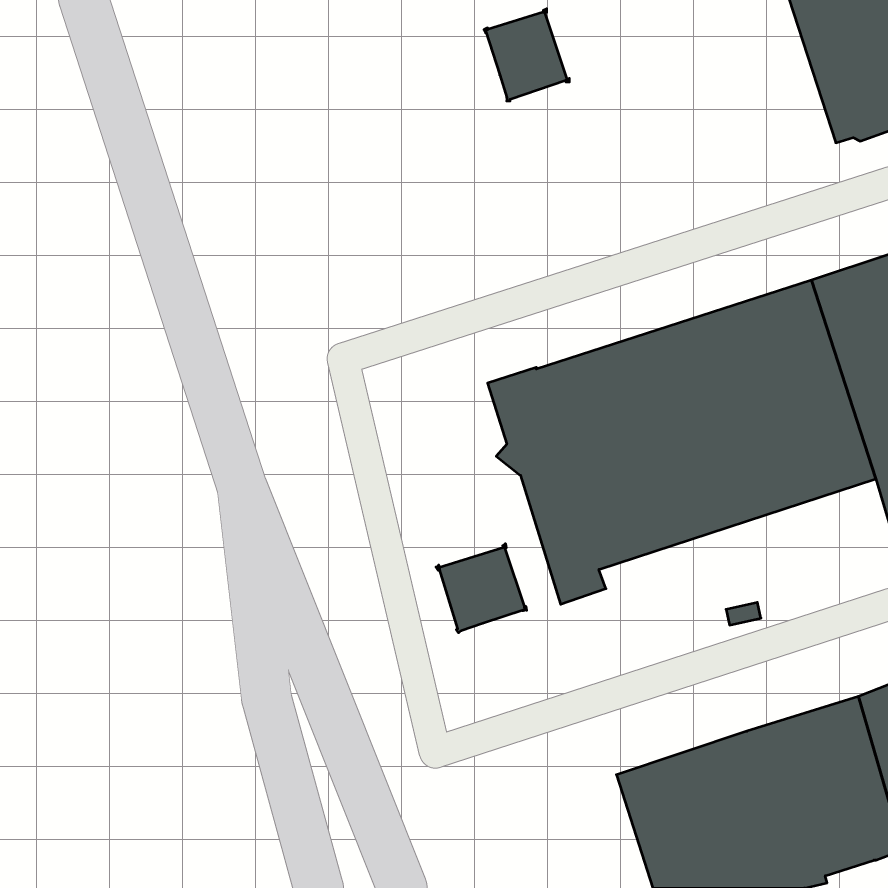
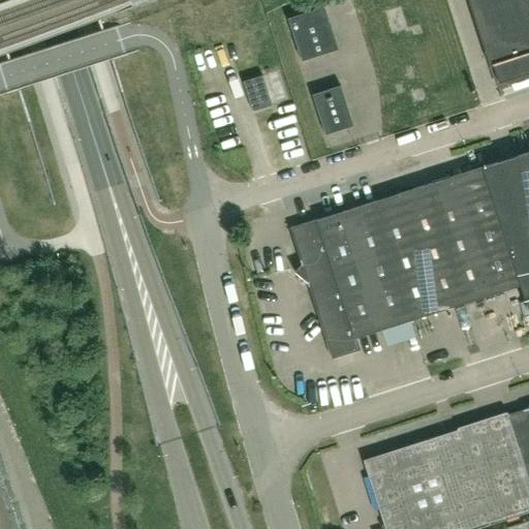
building: none -> [244,74,273,111]
building: none -> [313,85,354,134]
building: [436,544,527,633] -> none

